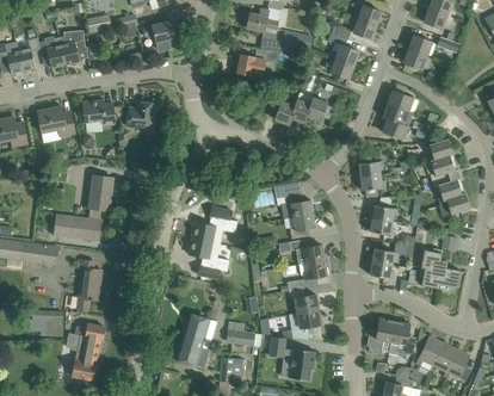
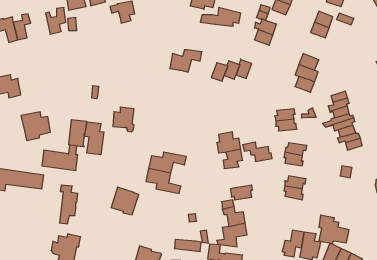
building: [38,36,66,68] -> none
building: [237,49,279,78] -> [170,50,202,72]
building: [82,100,116,125] -> none
building: [128,101,155,134] -> [113,107,134,132]
building: [37,106,75,143] -> [21,112,50,140]
building: none -> [85,122,104,155]
building: [289,239,327,264] -> [243,142,272,161]
building: [421,252,461,289] -> [319,215,349,244]
building: [29,310,63,336] -> none
building: [181,313,217,348] -> [111,187,139,215]

